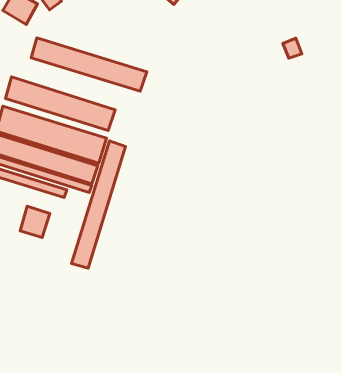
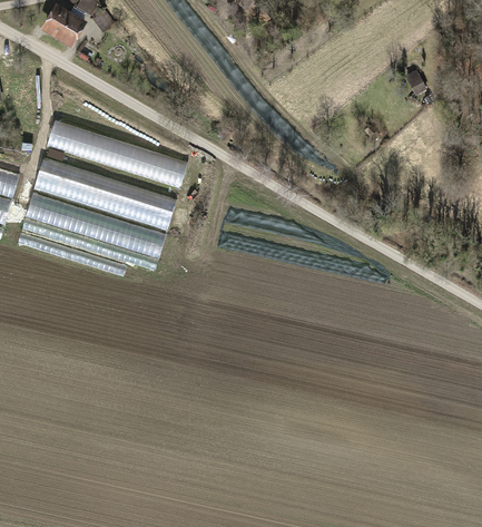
building: [31,38,147,91] -> none
building: [72,141,126,268] -> none
building: [20,206,50,238] -> none

